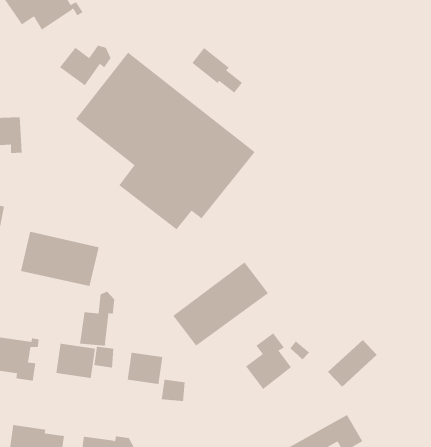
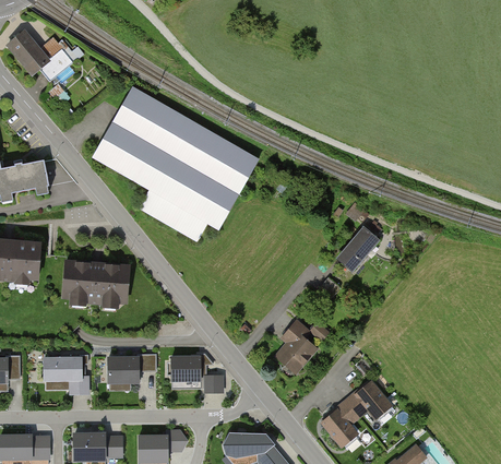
building: [59,45,111,86] -> none
building: [191,47,243,94] -> none
building: [173,262,269,346] -> none
building: [79,291,115,347] -> none
building: [327,339,378,388] -> [336,230,379,276]

